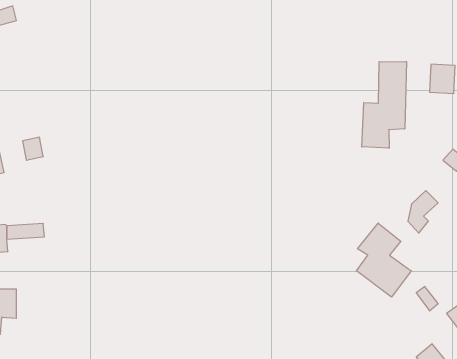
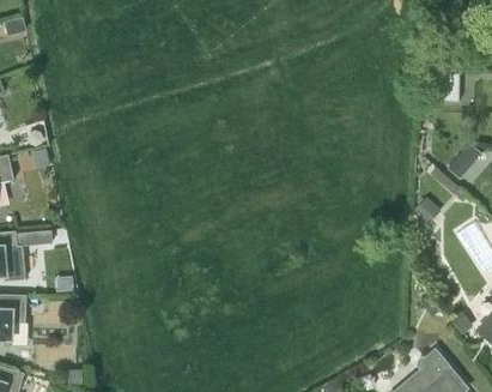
building: [362,61,406,148] -> none
building: [356,223,411,297] -> none

